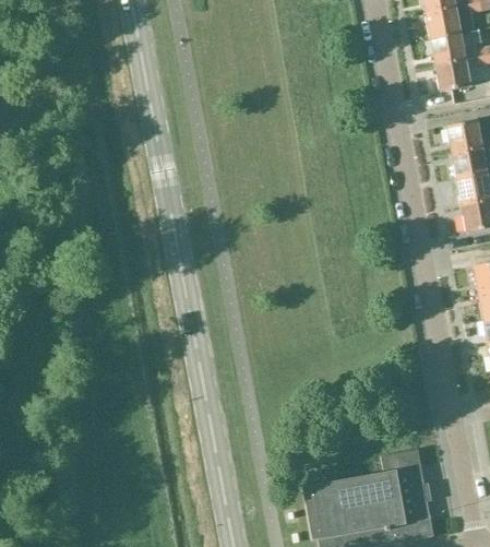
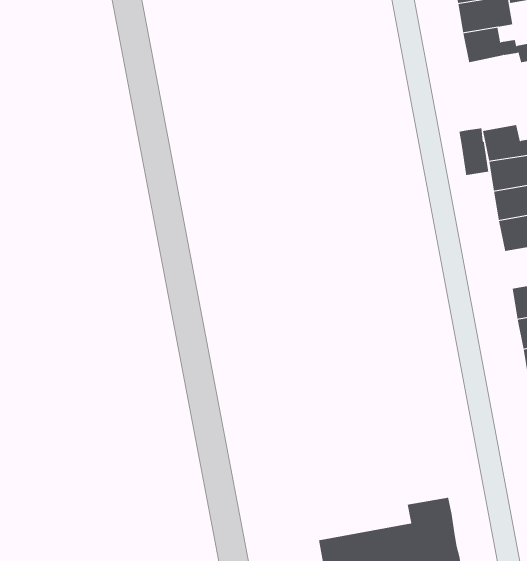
building: [435,58,471,91] -> none
building: none -> [459,127,489,176]

